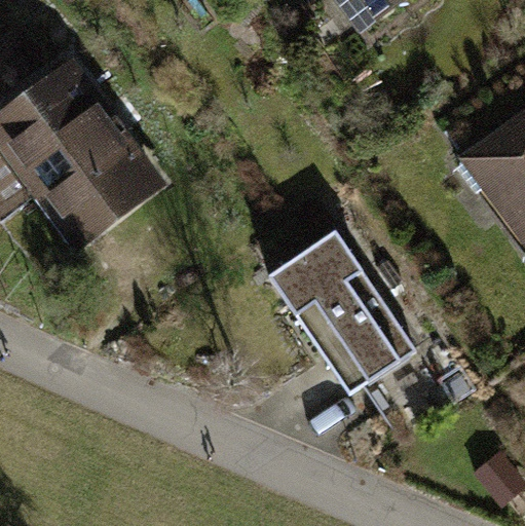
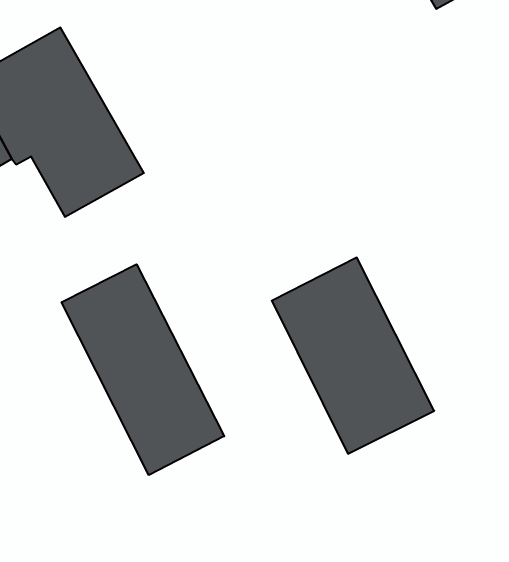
building: none -> [62,264,224,475]

